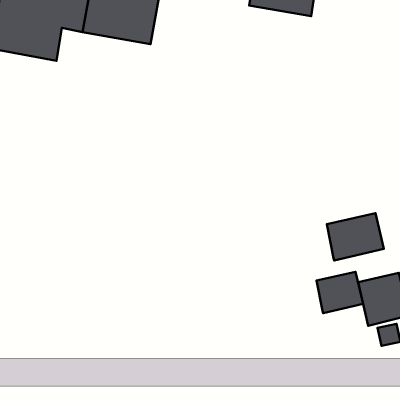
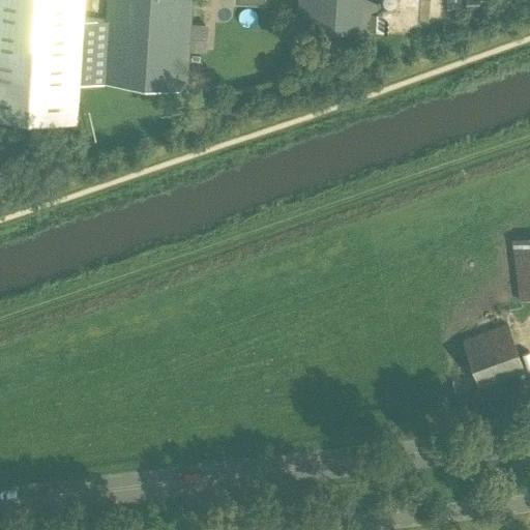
building: [327,213,384,260] -> none
building: [316,272,363,313] -> none

